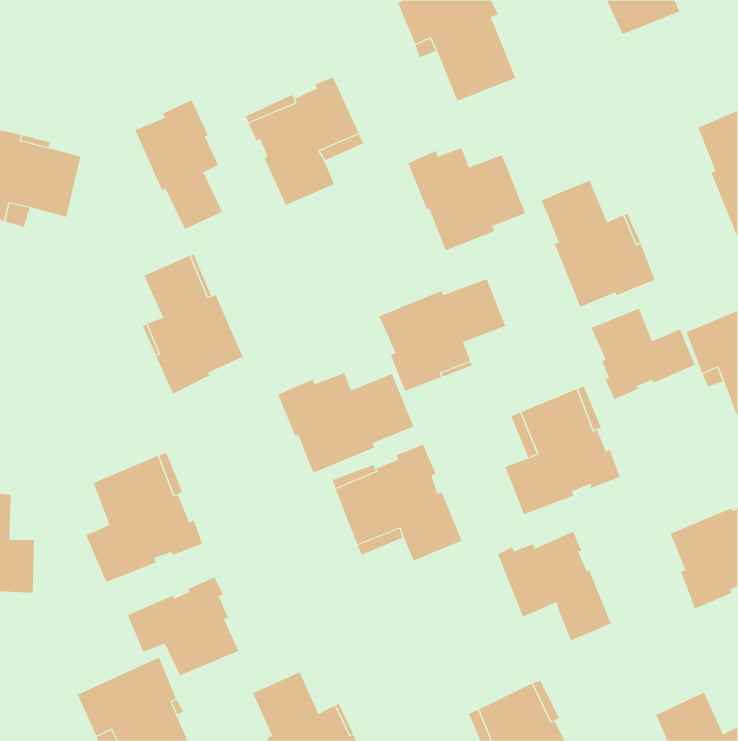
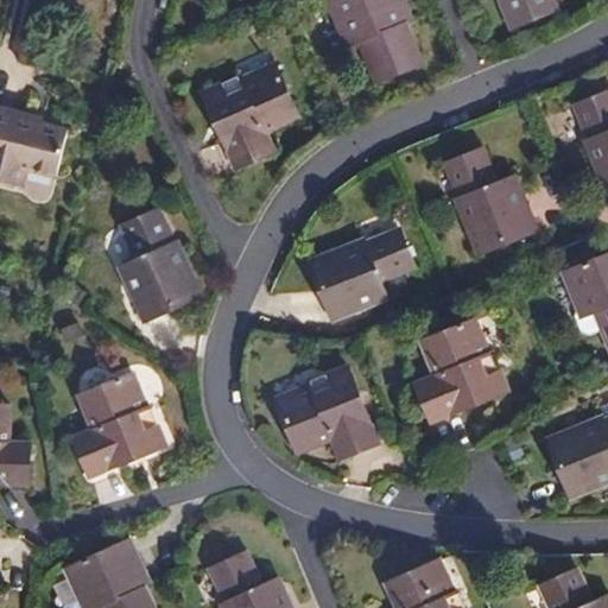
building: [134,100,223,230] -> none
building: [408,147,526,251] -> none
building: [591,308,695,400] -> none
building: [277,372,414,473] -> none
building: [497,531,611,641] -> none
building: [127,577,239,676] -> none

